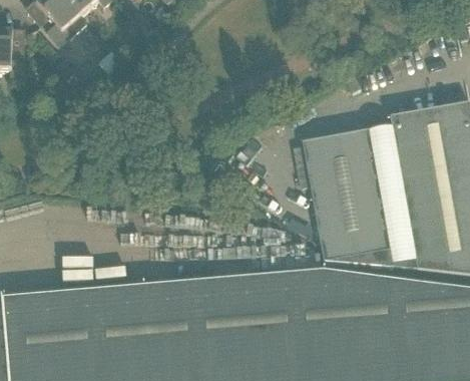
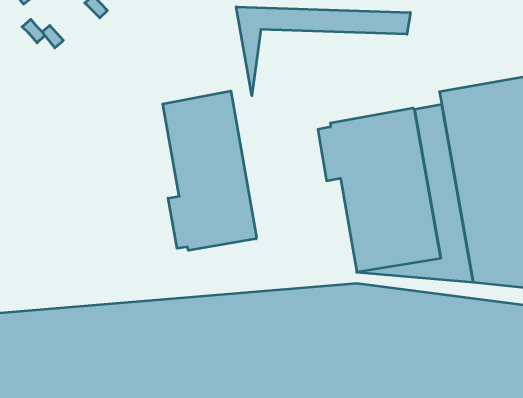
building: none -> [236,7,410,96]
building: none -> [163,91,257,250]

